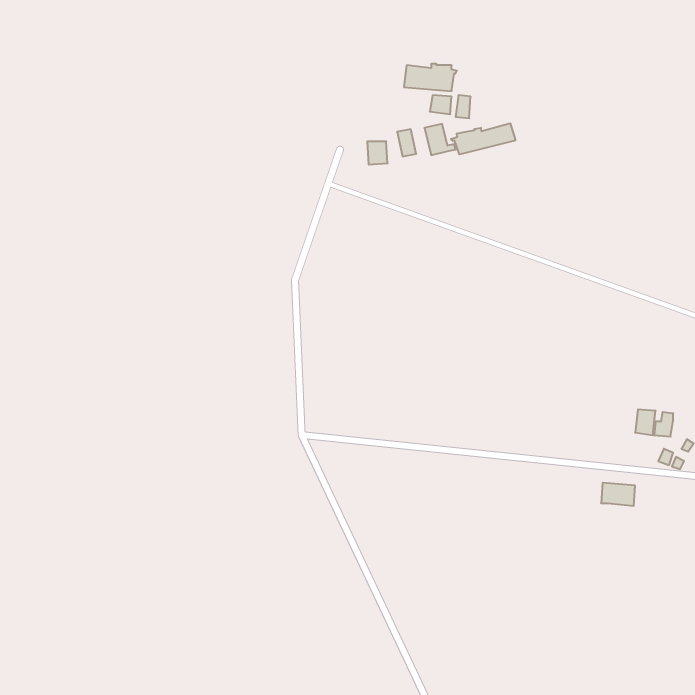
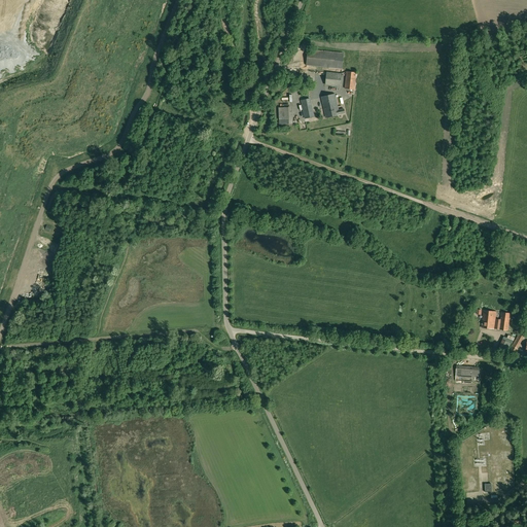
building: [451,123,515,154] -> none

